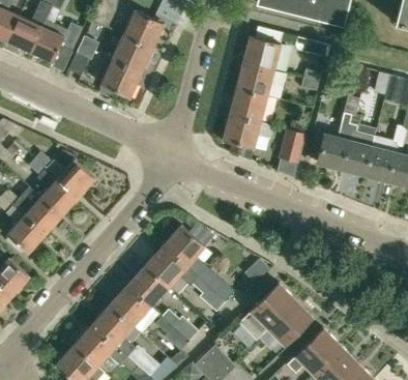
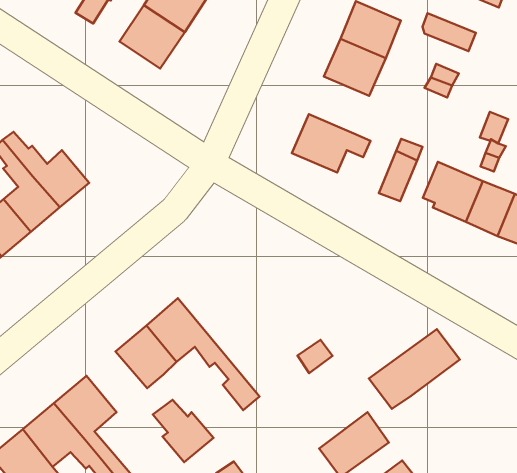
building: [230,88,267,122] -> none
building: [163,225,234,301] -> none
building: [239,284,296,340] -> [369,329,460,409]
building: [111,286,151,325] -> none

